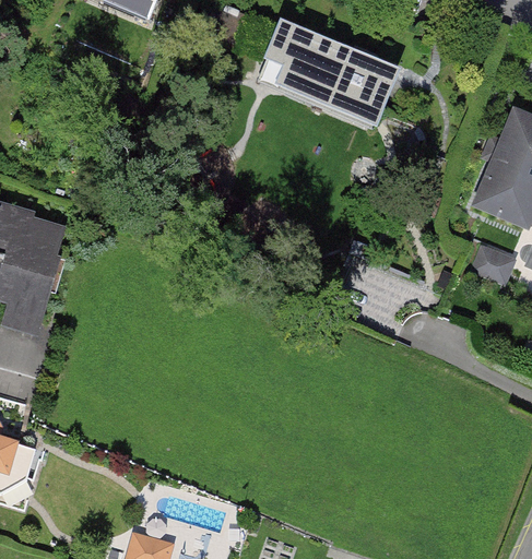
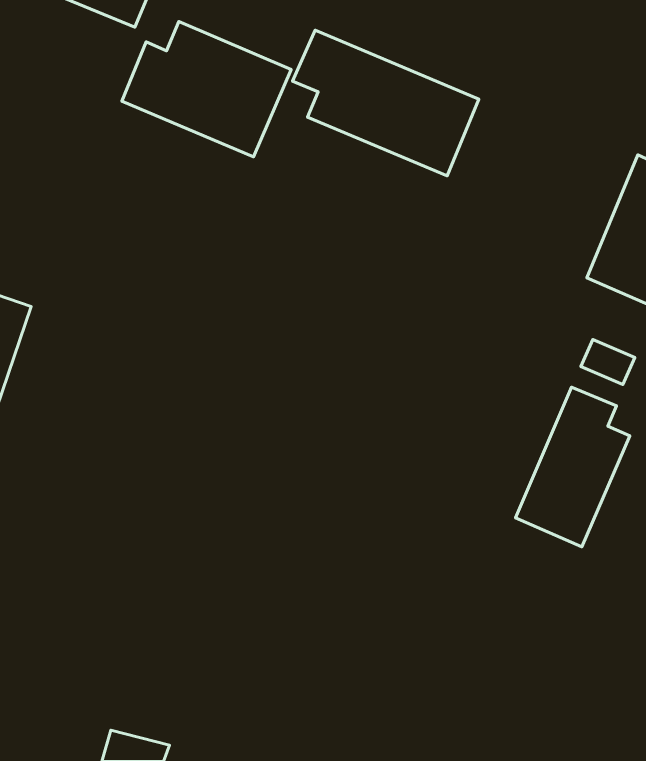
building: none -> [122,22,291,157]
building: none -> [516,387,630,547]

